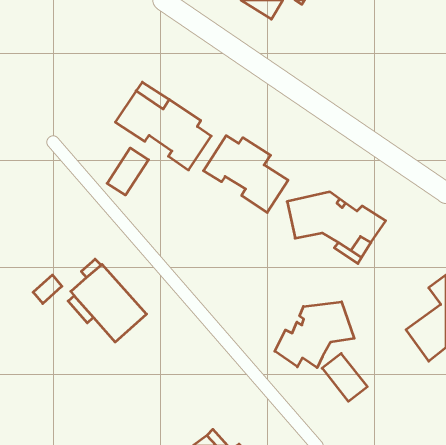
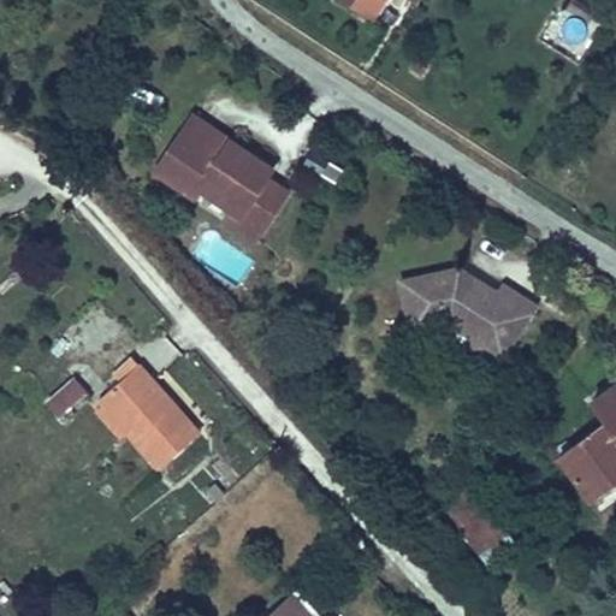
building: [203,136,288,213] -> none
building: [107,148,149,195] -> none
building: [275,302,354,368] -> none

